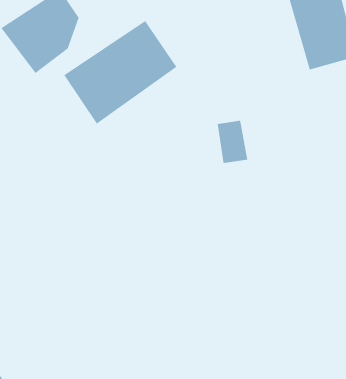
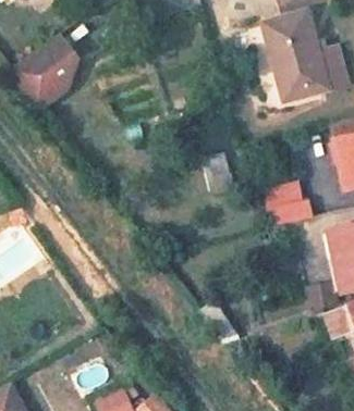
building: [63,20,177,125] -> none
building: none -> [260,176,310,224]

